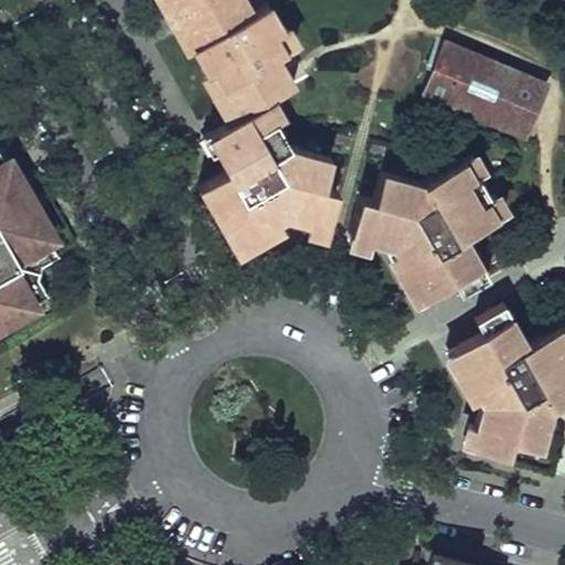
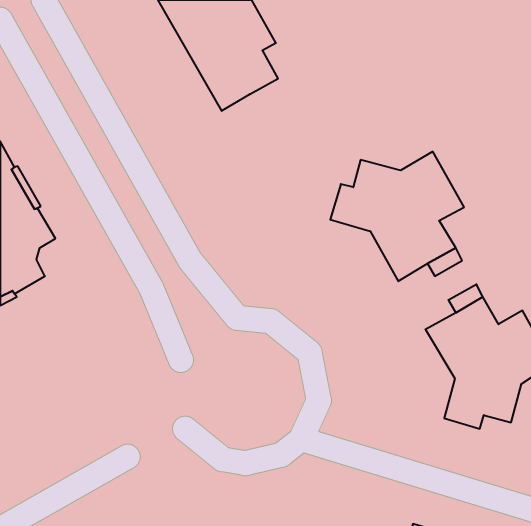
building: [416,39,550,142] -> none
building: [199,108,340,253] -> none

